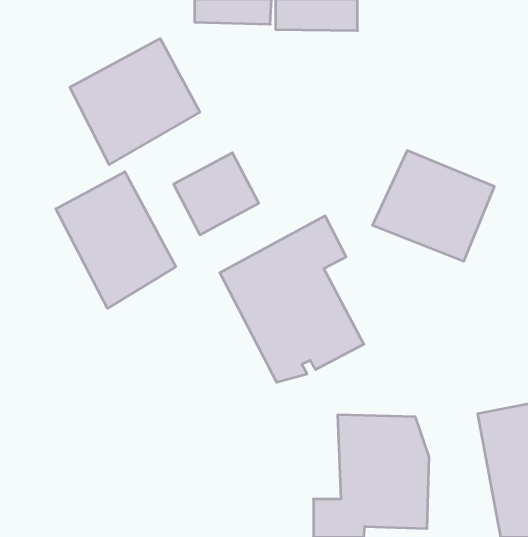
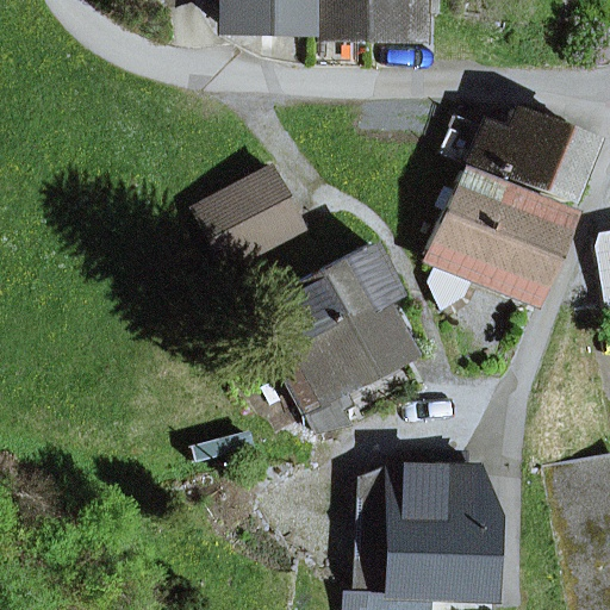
building: [70,39,200,165] -> none
building: none -> [448,111,596,203]
building: [56,172,176,308] -> none

